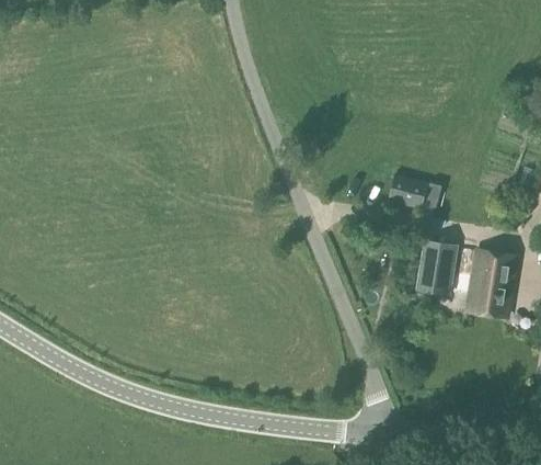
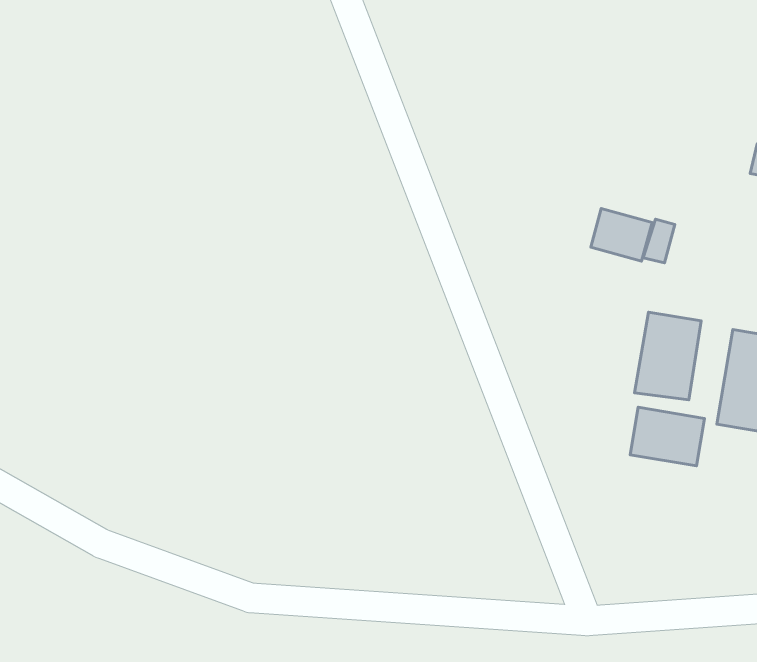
building: none -> [630,407,705,466]

